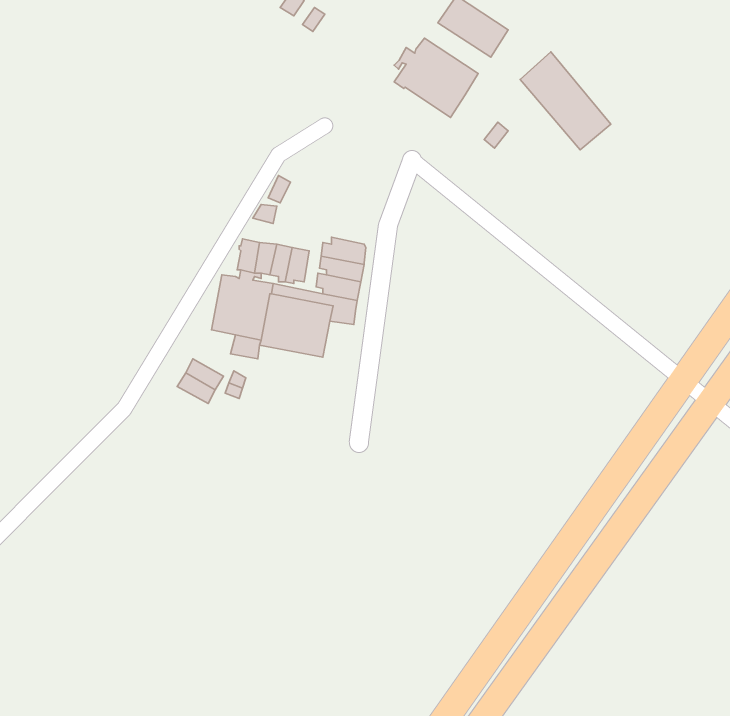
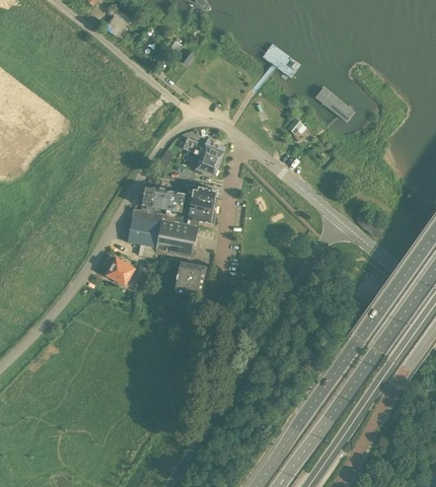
building: [394,38,478,117] -> none
building: none -> [181,137,225,175]
building: none -> [173,260,205,294]

